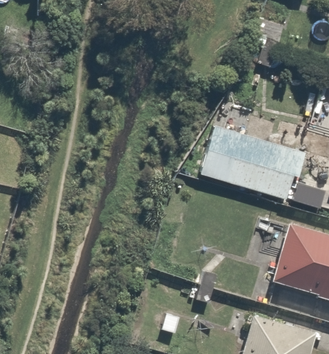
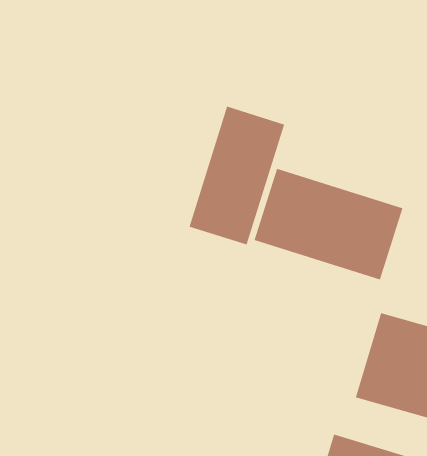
building: none -> [188,106,285,246]

